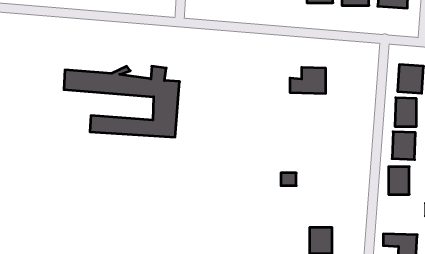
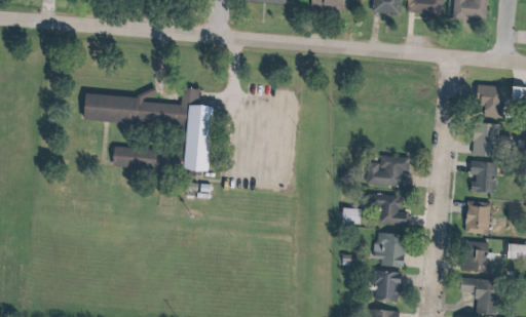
building: [290,67,326,93] -> [369,157,410,187]
building: none -> [370,194,406,226]
building: none -> [375,234,404,266]
building: none -> [462,241,488,272]

